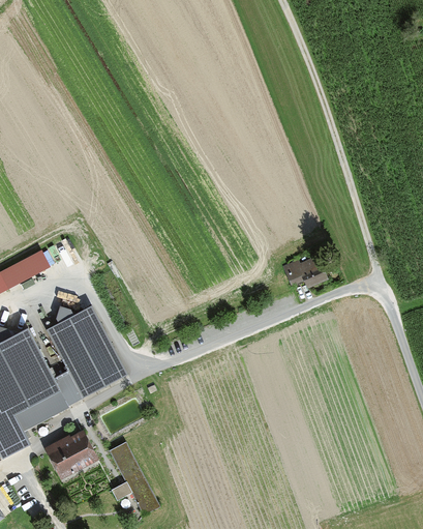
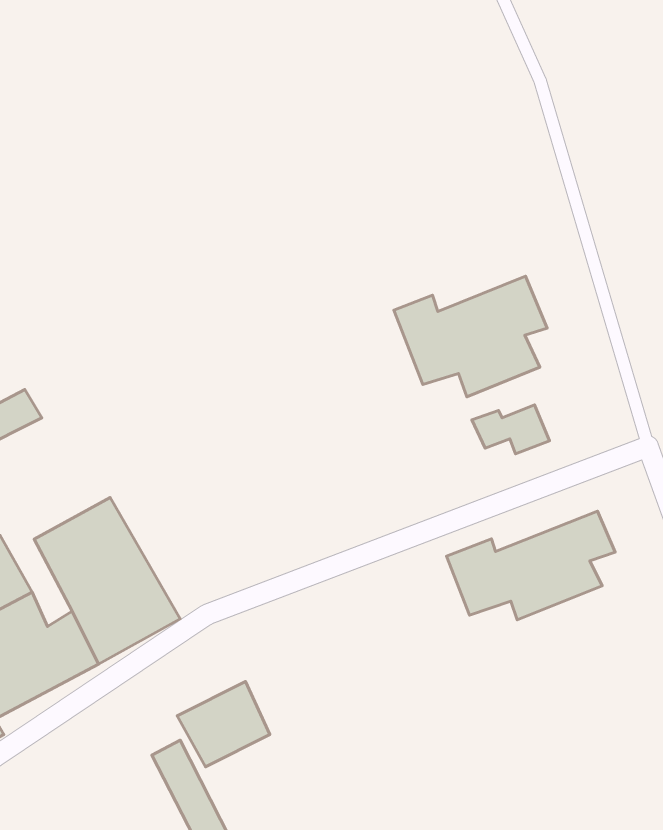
building: none -> [394,276,547,397]
building: none -> [447,511,615,620]
building: [46,431,96,477] -> [177,682,270,767]

